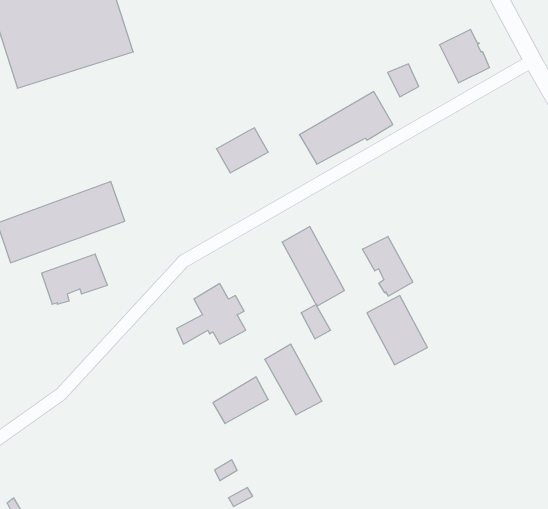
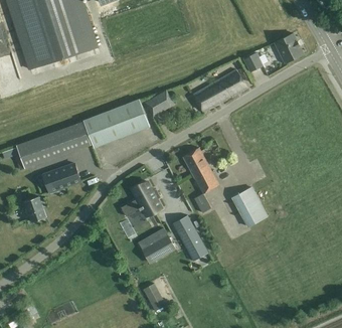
building: none -> [82,101,149,148]
building: [362,236,413,296] -> none
building: none -> [22,196,45,222]

